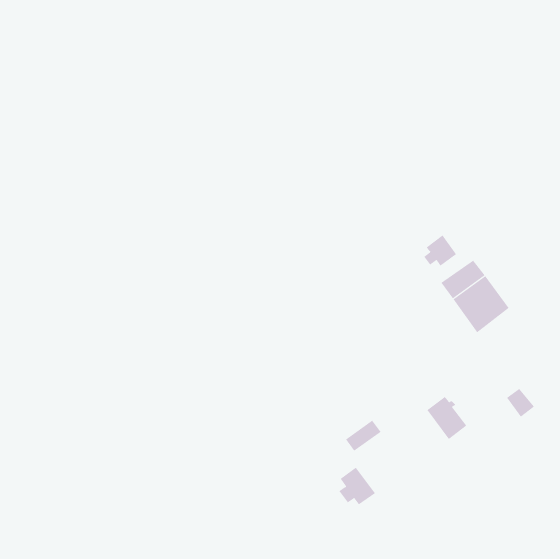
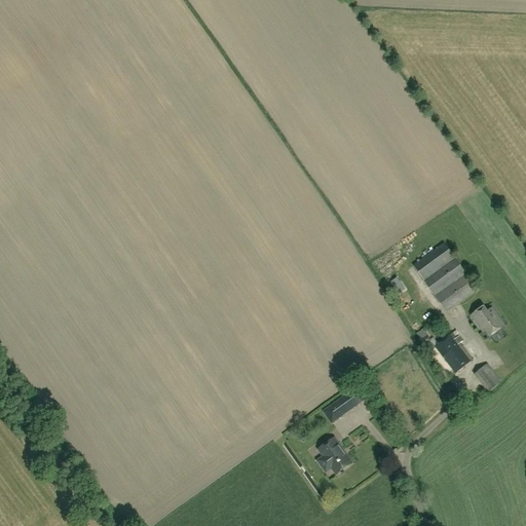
building: [424,234,457,266] -> none
building: none -> [472,307,501,335]
building: [426,396,467,440] -> [435,332,473,373]

